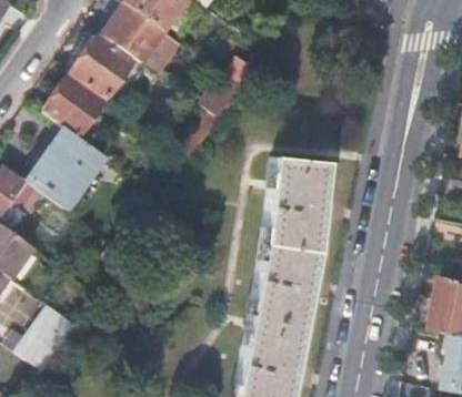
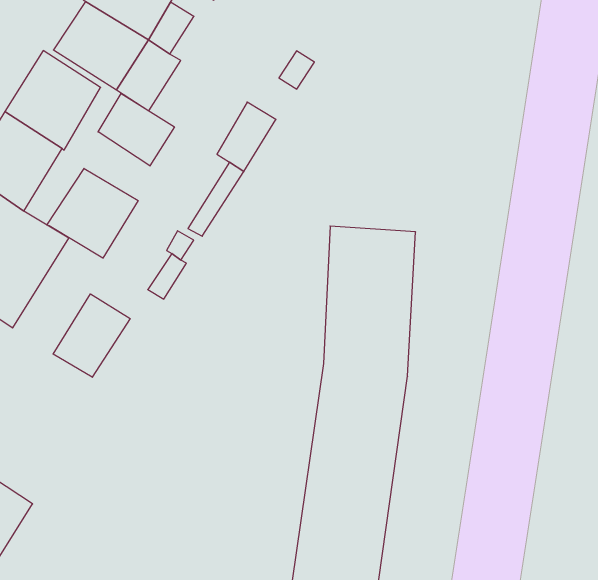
building: none -> [98,94,174,166]
building: none -> [47,168,138,258]
building: none -> [53,294,130,377]

